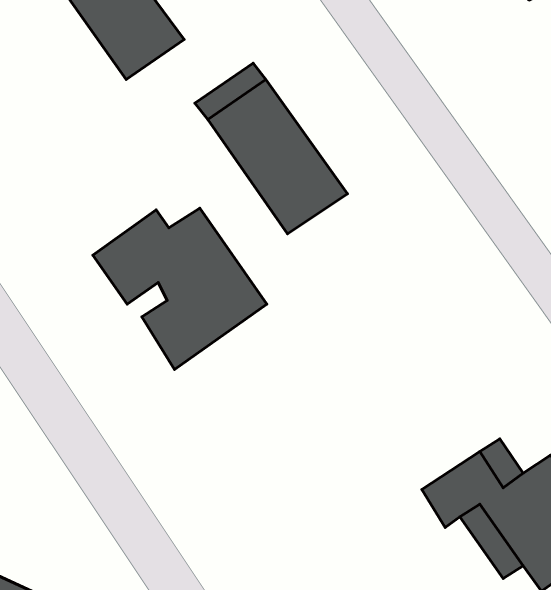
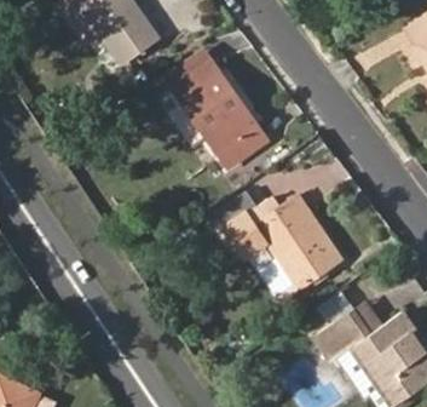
building: [93,208,267,370] -> [225,194,341,302]

